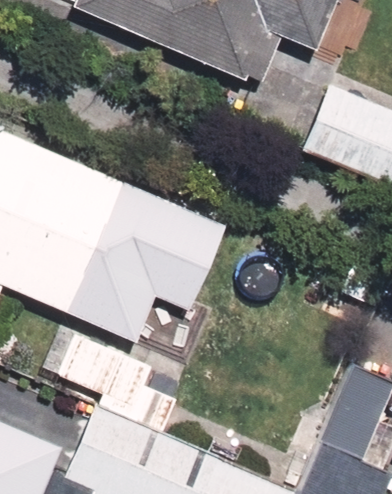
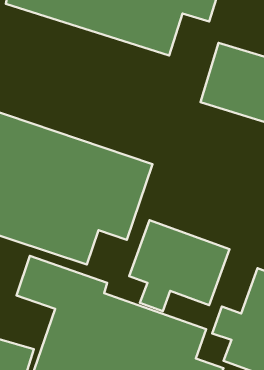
building: none -> [129,220,230,311]

